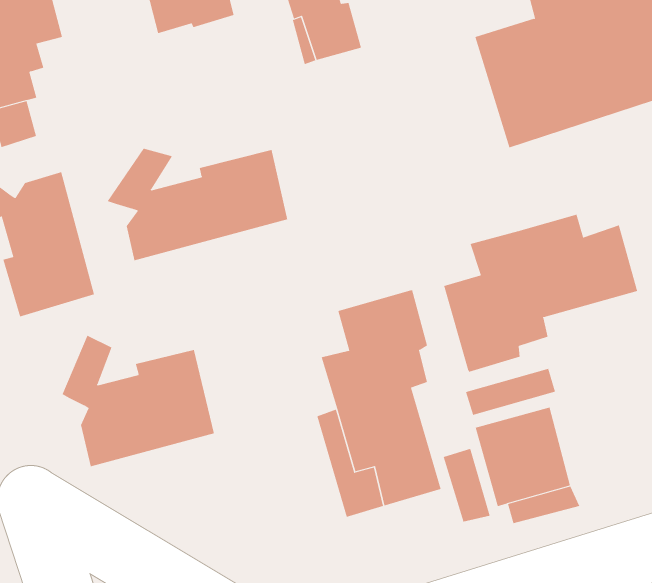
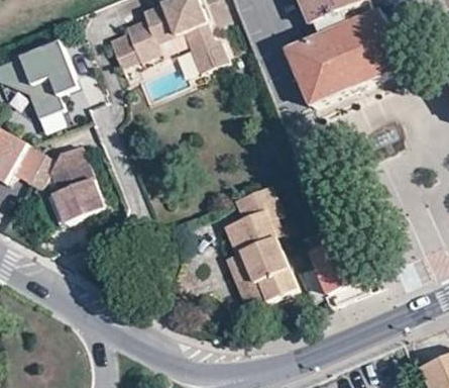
building: [107,148,288,261] -> none
building: [444,214,638,373] -> none
building: [62,335,215,467] -> none

